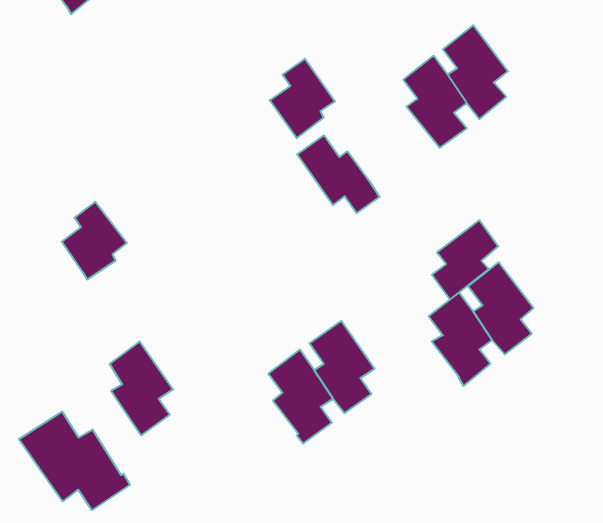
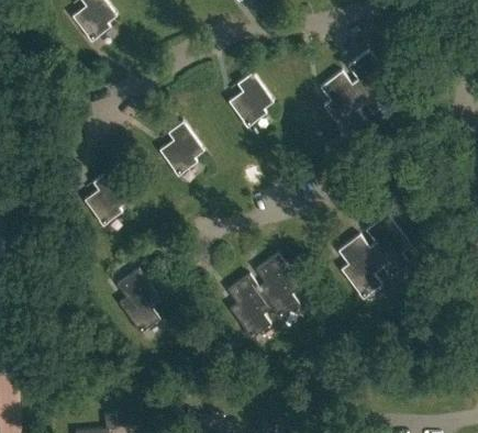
building: none -> [159,121,204,176]
building: [297,135,380,213] -> none
building: [432,220,498,299] -> none
building: [19,412,130,510] -> none

